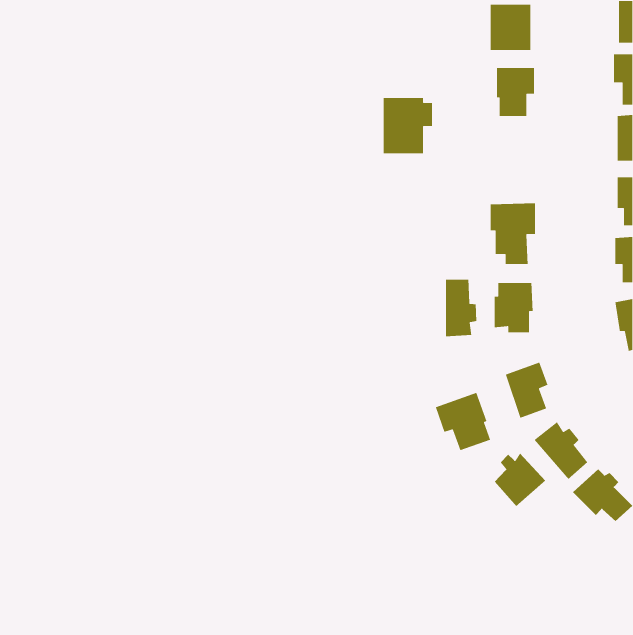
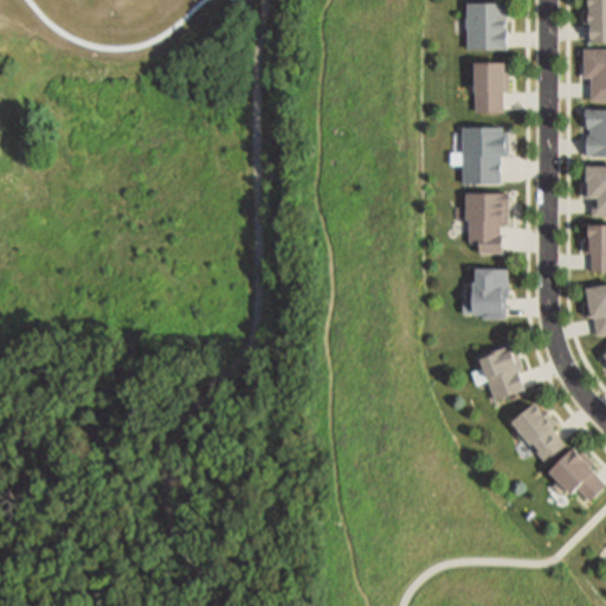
building: [383,97,433,154] -> [462,128,509,182]
building: [445,279,477,337] -> none
building: [435,392,491,451] -> none
building: [494,453,546,507] -> none

